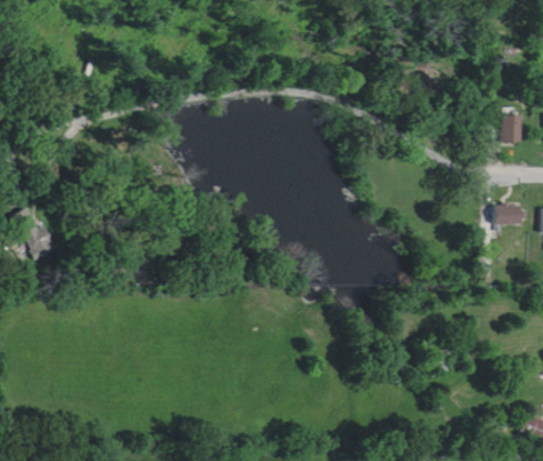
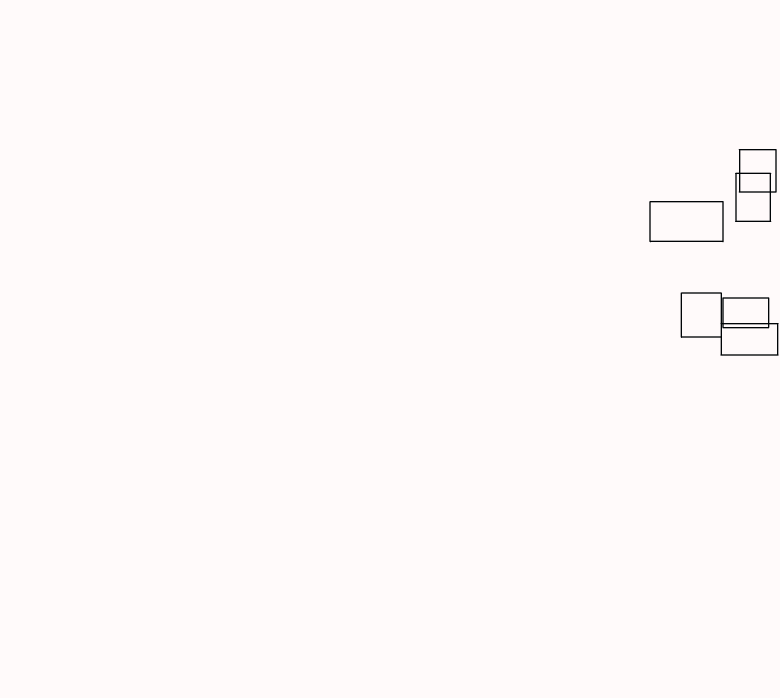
building: none -> [650,202,723,242]
building: none -> [682,293,721,337]

